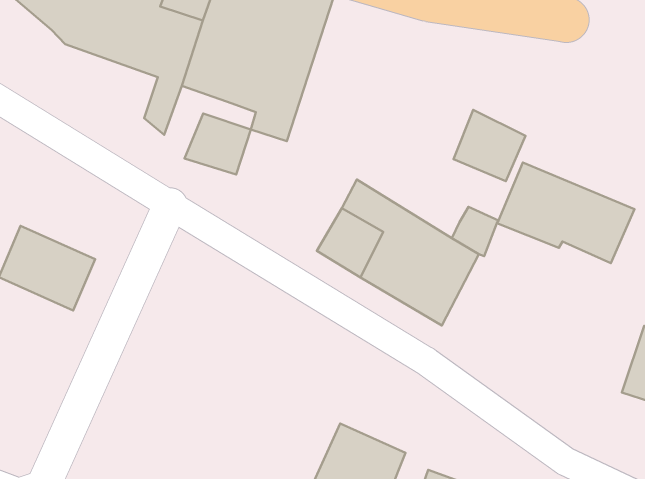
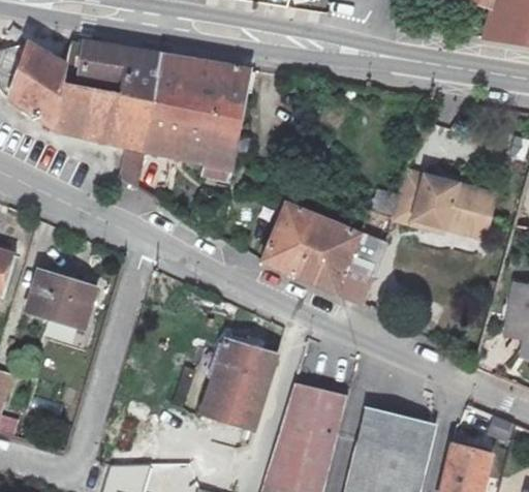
building: [454,110,526,181] -> none
building: [185,113,251,175] -> none
building: none -> [200,337,277,426]

